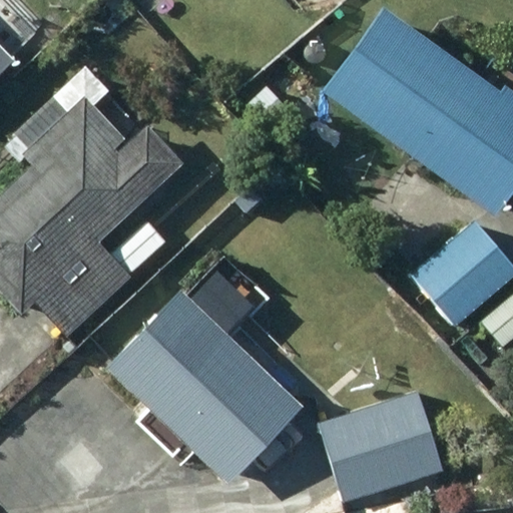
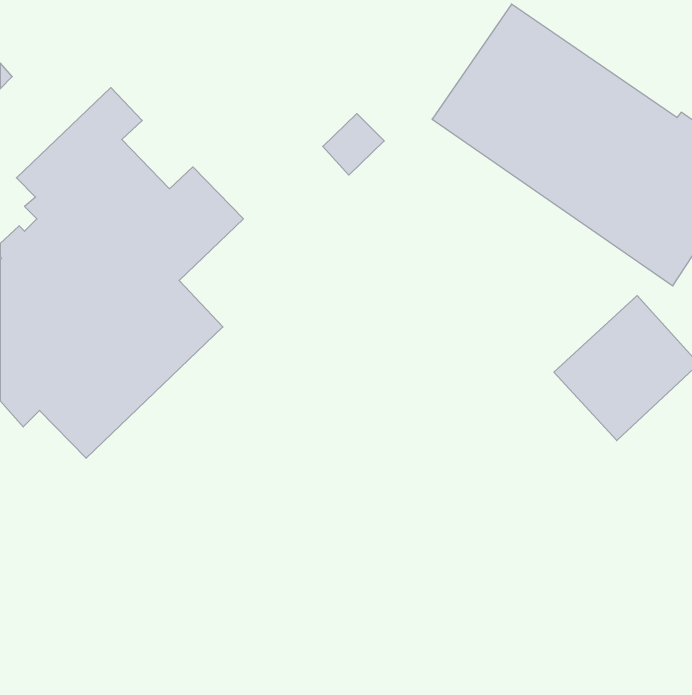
building: [105,290,301,482] -> none
building: [321,394,440,499] -> none

